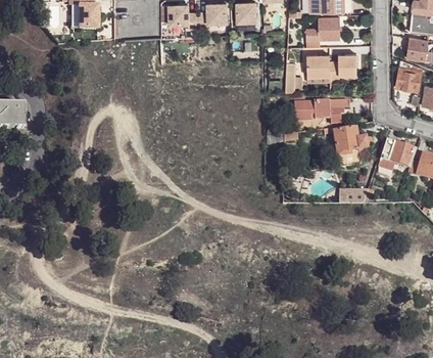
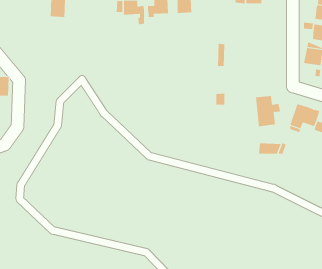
building: [305,16,339,38] -> none
building: [307,53,356,78] -> none
building: [294,100,349,123] -> none

